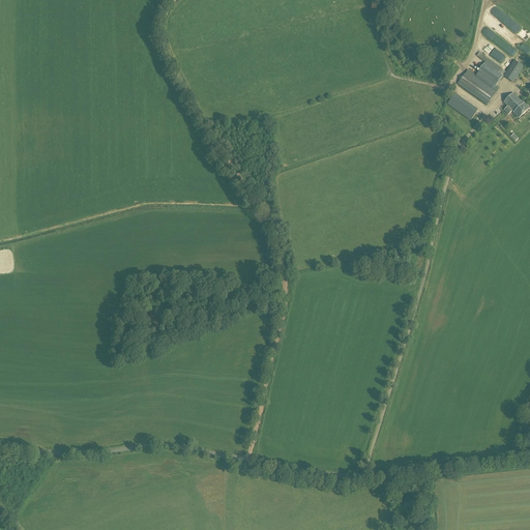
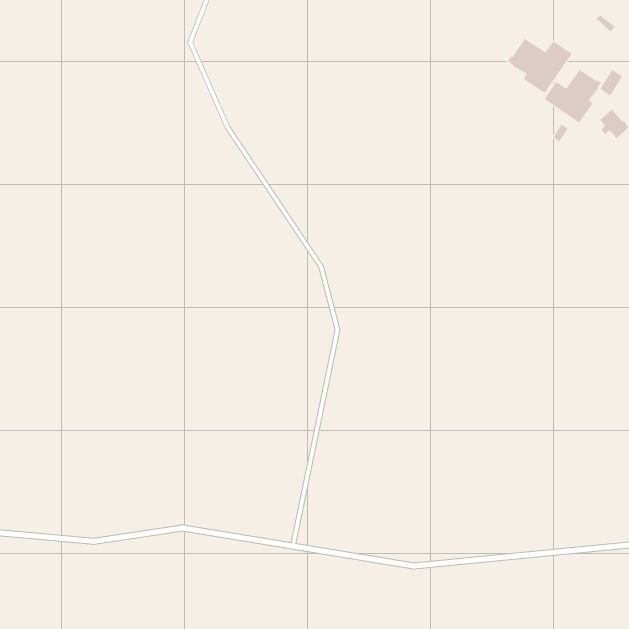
building: none -> [507,38,572,94]

